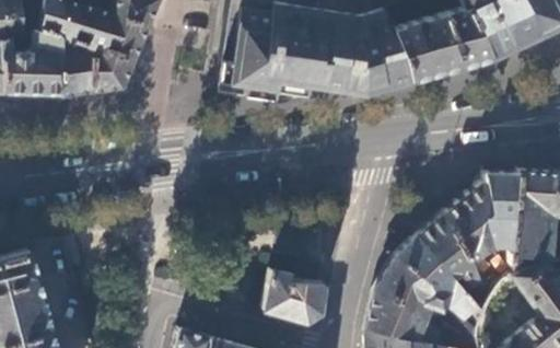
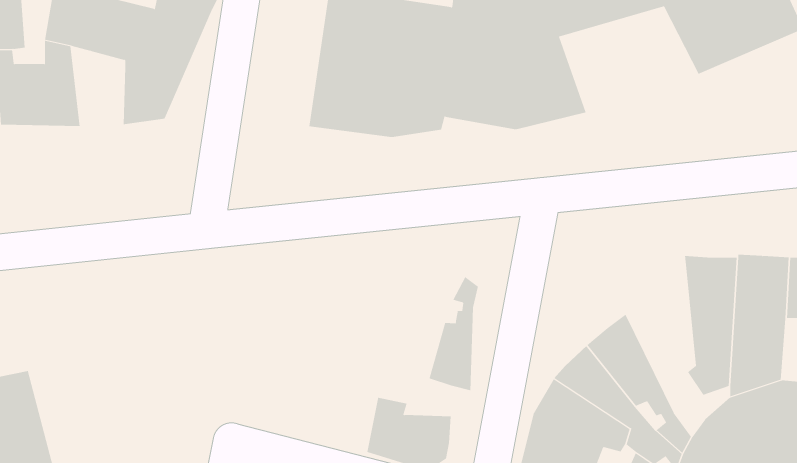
building: [394,10,491,83] -> none
building: [54,37,91,95] -> none
building: [440,192,495,292] -> none
building: none -> [429,276,479,391]

